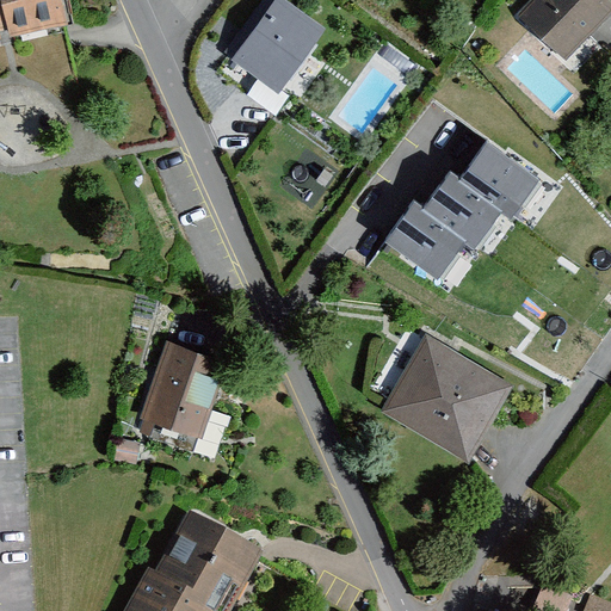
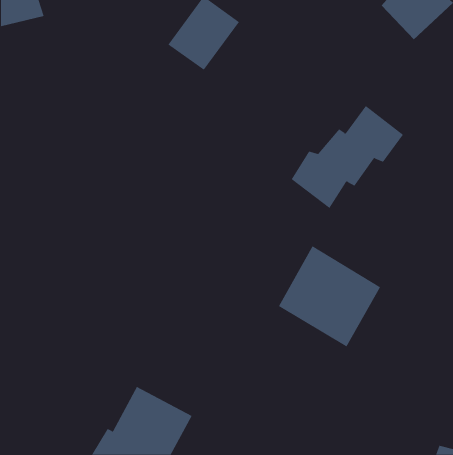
building: [134,344,223,444] -> none

